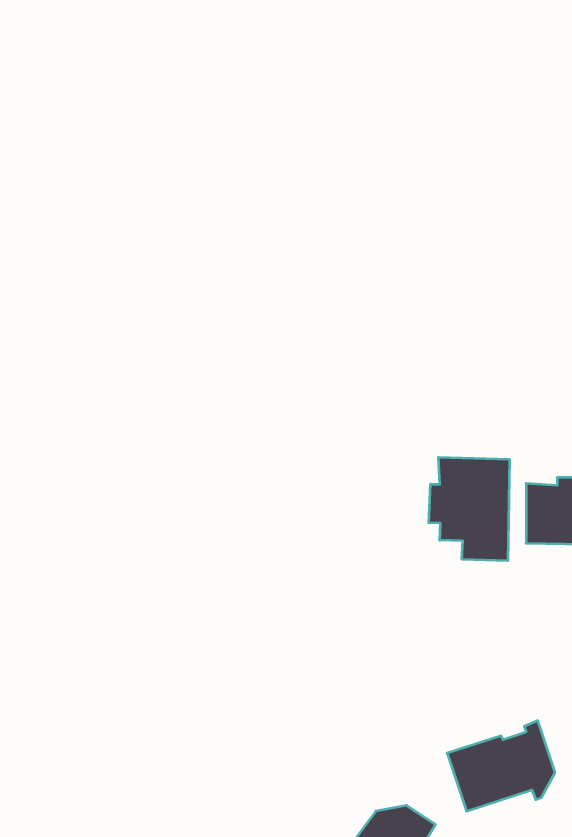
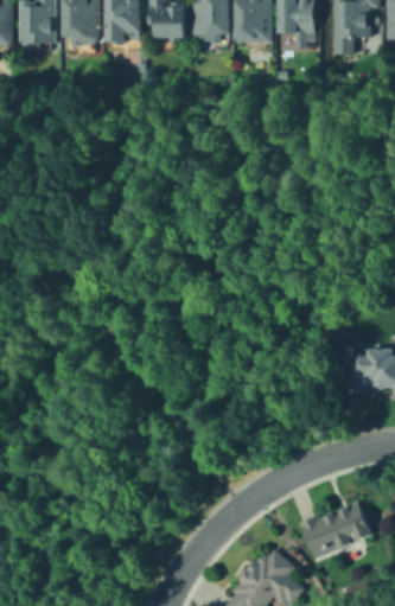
building: [429,457,509,561] -> none

